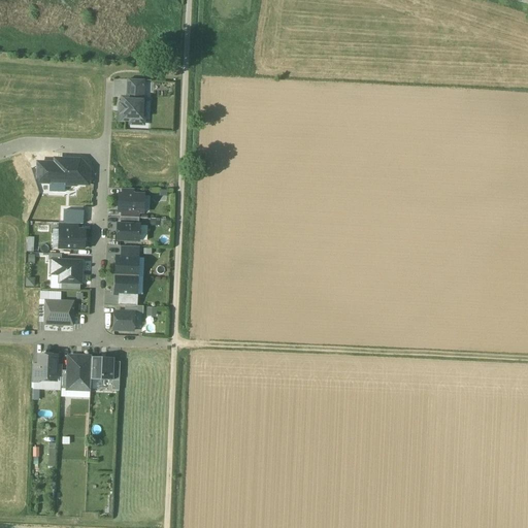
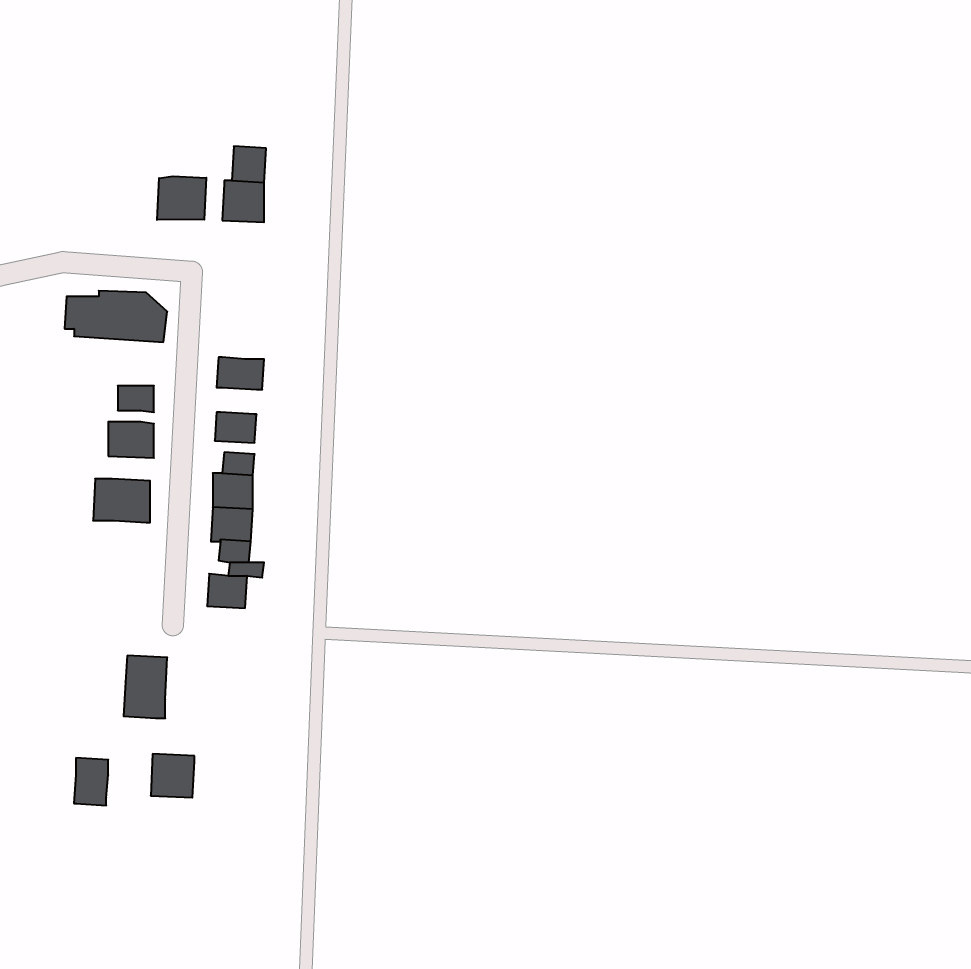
building: none -> [157,176,206,220]
building: [44,301,73,325] -> none
building: [37,355,56,381] -> [74,758,108,805]
building: [90,357,113,381] -> [151,754,194,798]

